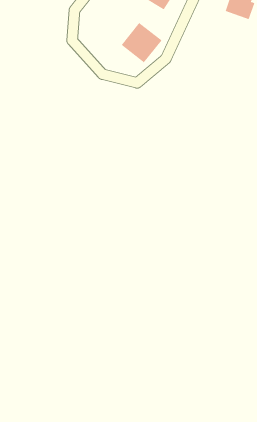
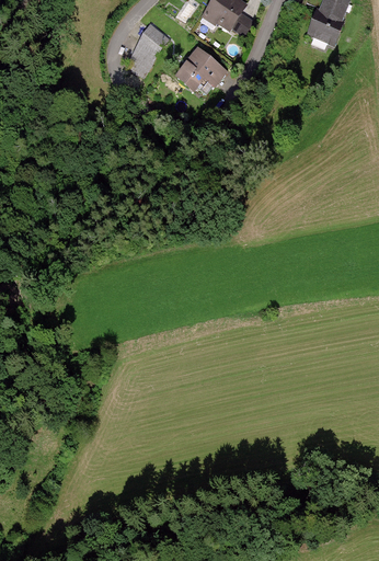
building: none -> [126,24,166,73]

